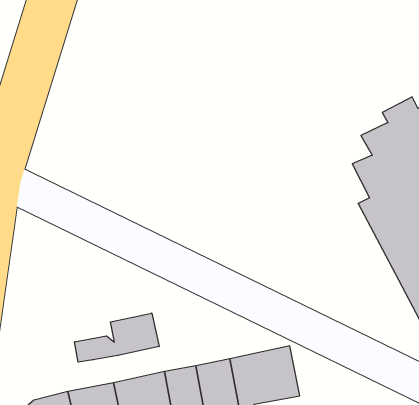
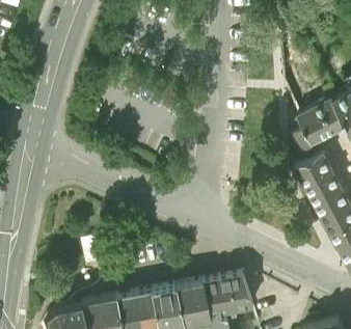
building: [75,313,159,362] -> none

